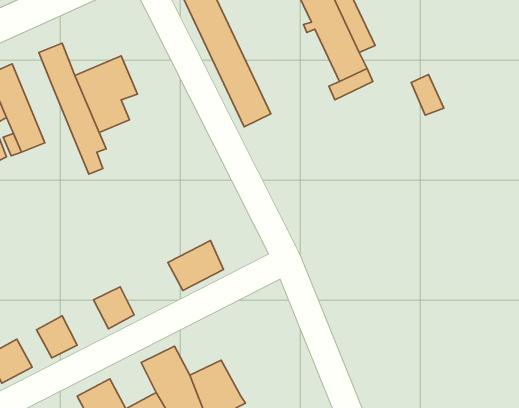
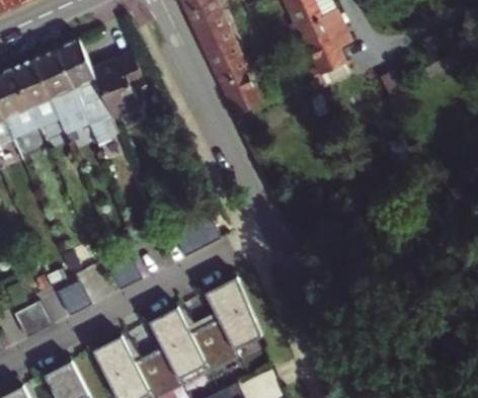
building: none -> [34,50,87,133]
building: none -> [203,275,260,349]

